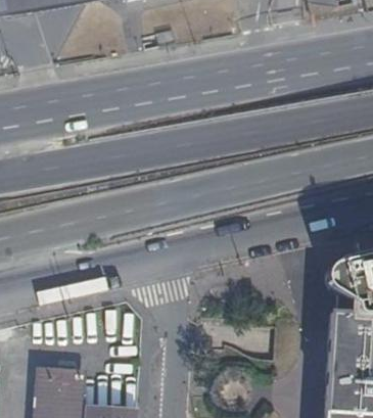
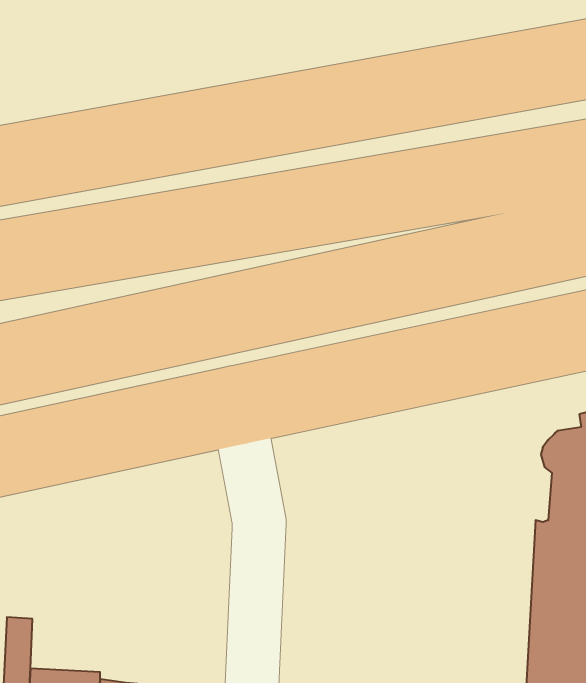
building: [48,365,88,394] -> none

